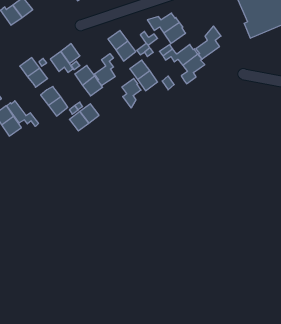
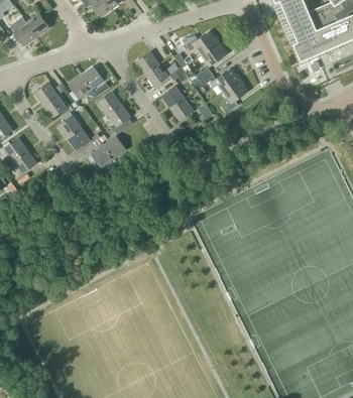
building: [196,26,221,59] -> none
building: [94,54,115,86] -> none
building: [122,78,141,108] -> none
building: [7,101,38,126] -> none

